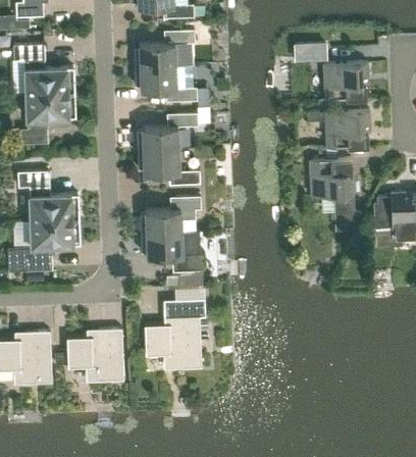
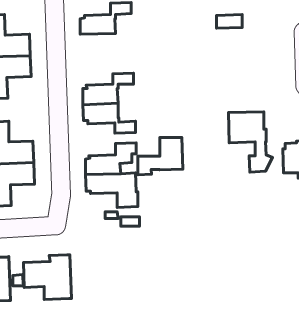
building: [323,63,367,100] -> none
building: [134,66,197,103] -> none
building: [307,111,369,149] -> none
building: none -> [138,137,183,175]
building: [144,300,205,369] -> none

